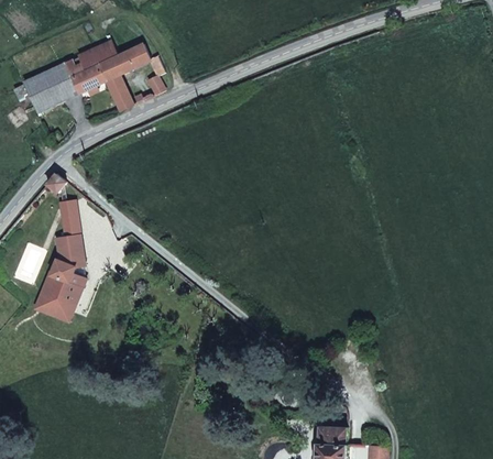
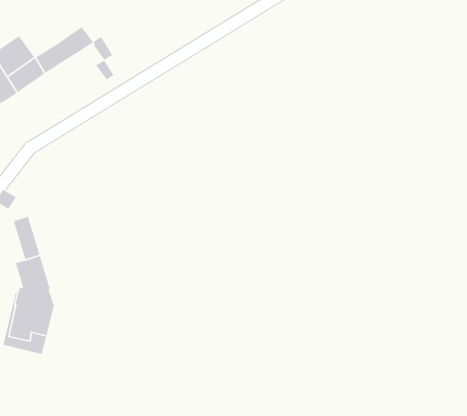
building: [87,34,118,65] -> none
building: [105,74,134,111] -> none

